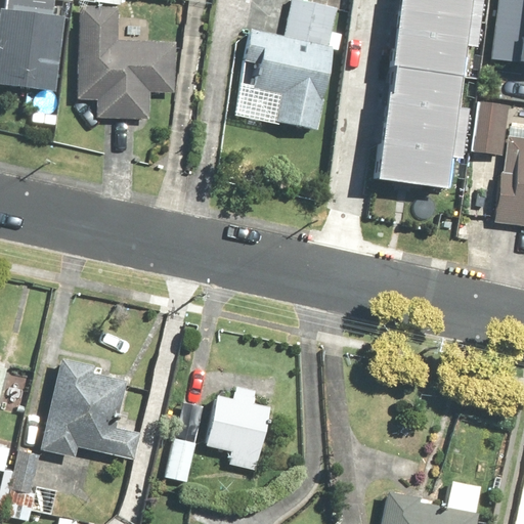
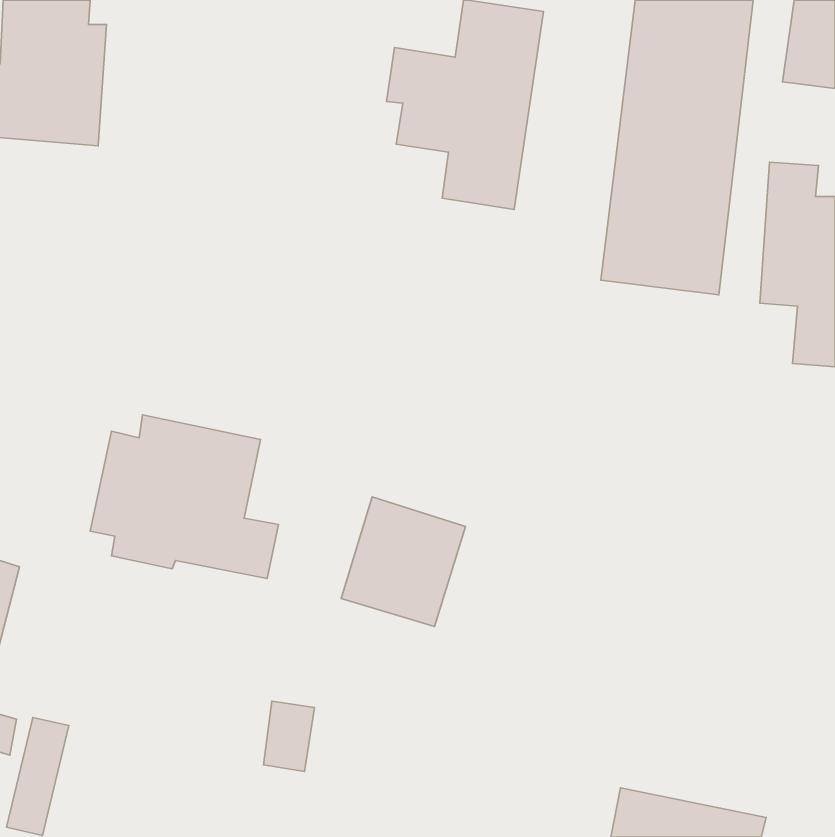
building: [77,6,179,120] -> none
building: [27,360,144,463] -> [90,415,278,579]
building: [201,387,278,468] -> [341,497,465,626]

